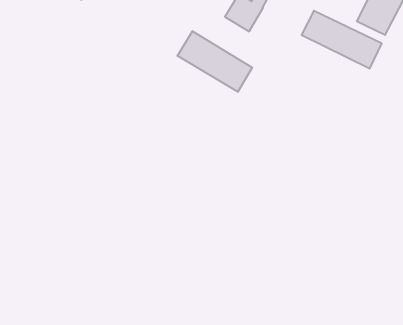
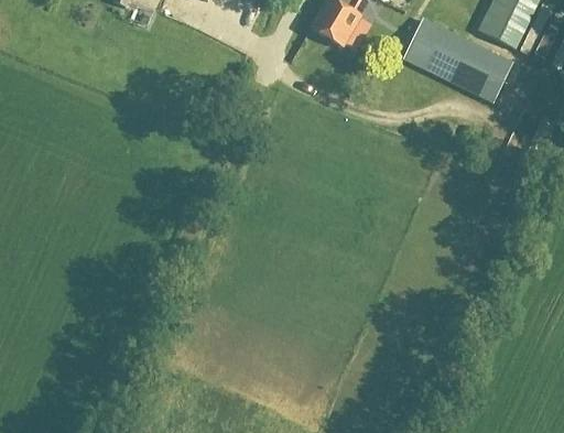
building: [177,31,252,92] -> none

